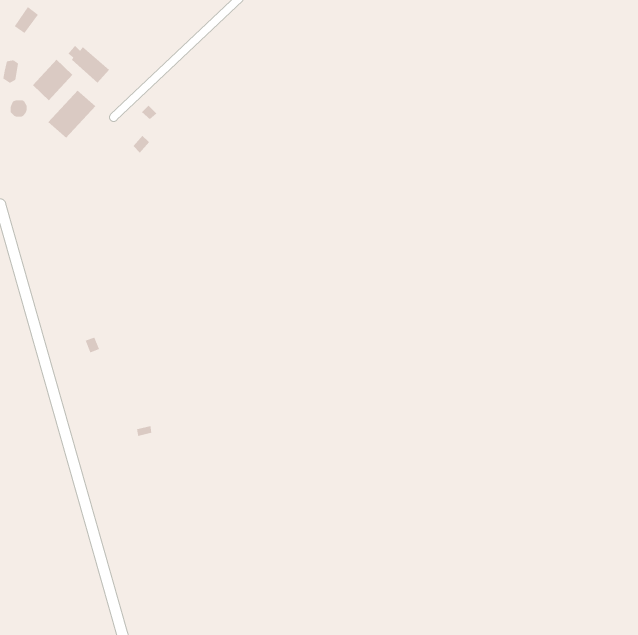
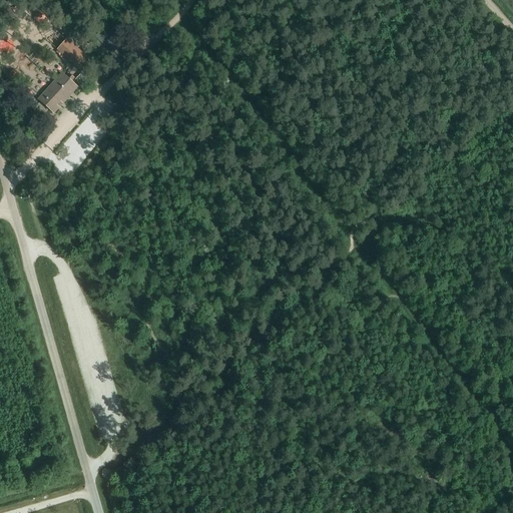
building: [32,59,73,101] -> none

